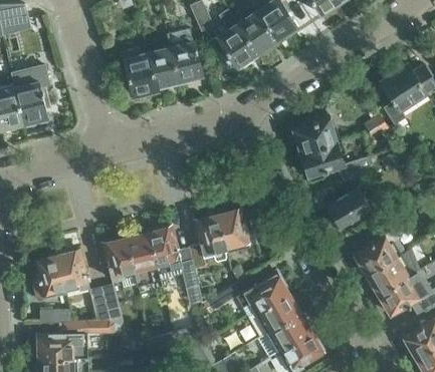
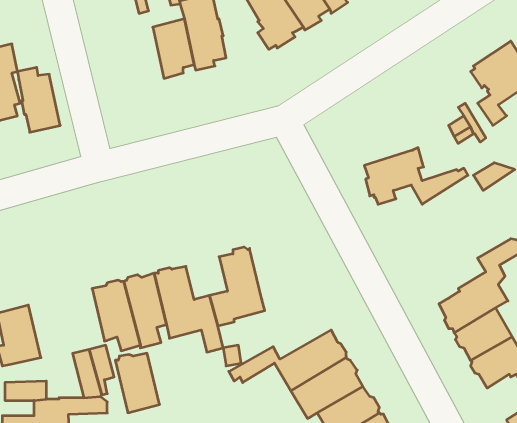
building: [125,48,156,95] -> [17,67,60,132]
building: [293,116,337,153] -> none
building: [327,188,372,229] -> none
building: [218,209,257,251] -> none
building: [57,250,89,293] -> [115,353,160,413]

